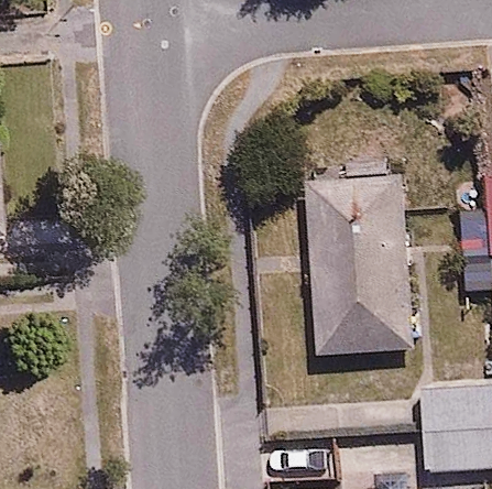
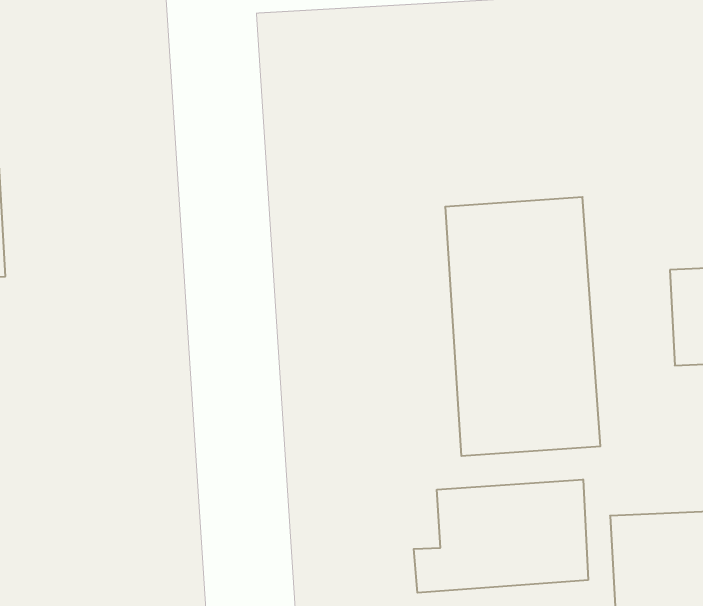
building: none -> [414,479,588,593]

